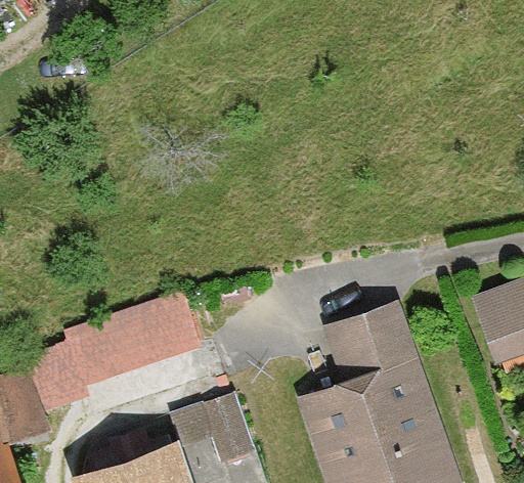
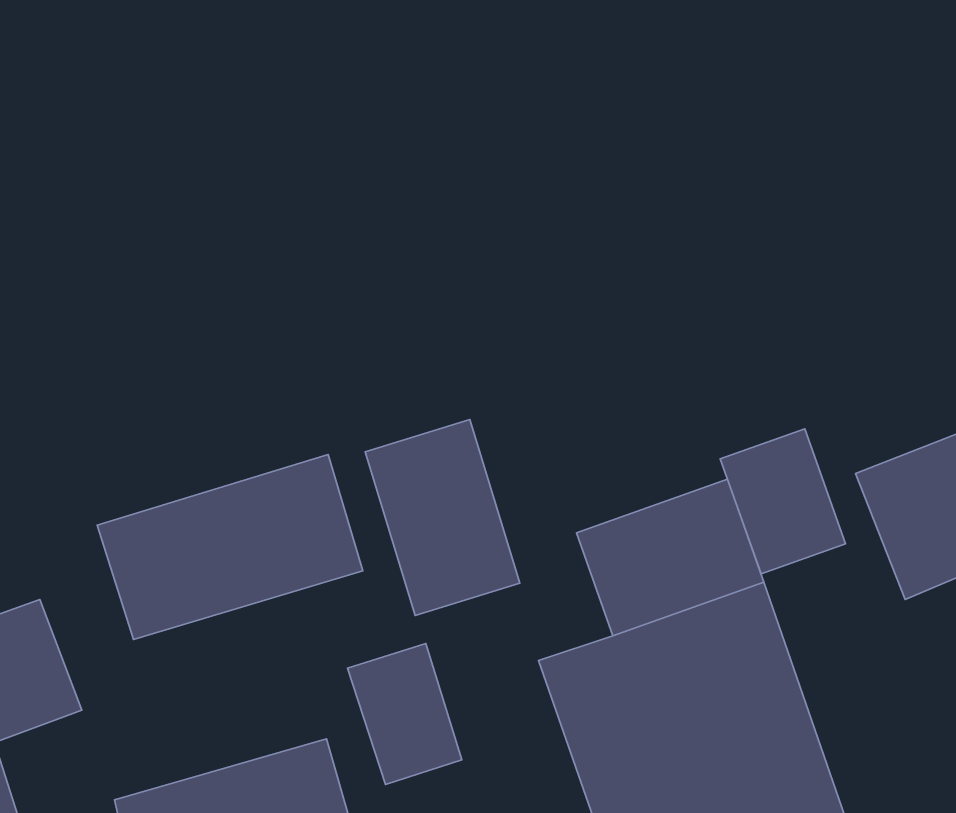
building: none -> [365,420,520,616]
building: none -> [720,429,846,574]

